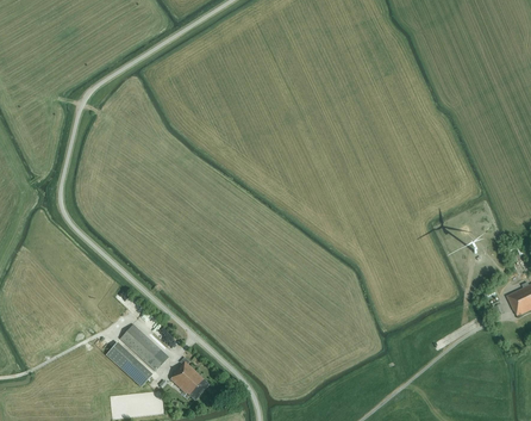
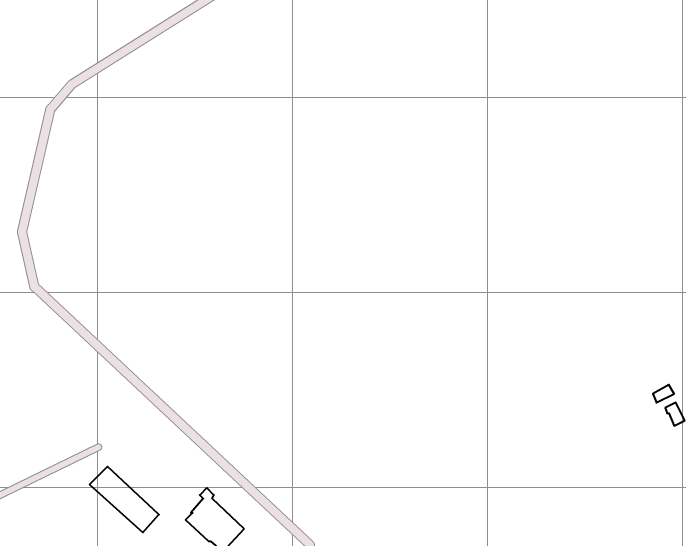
building: [120,324,169,371] -> none

